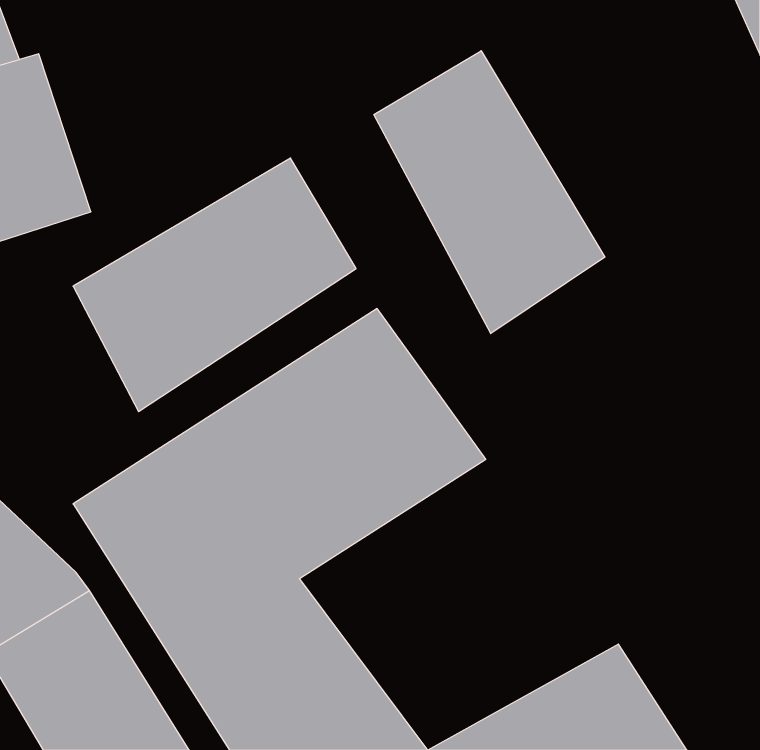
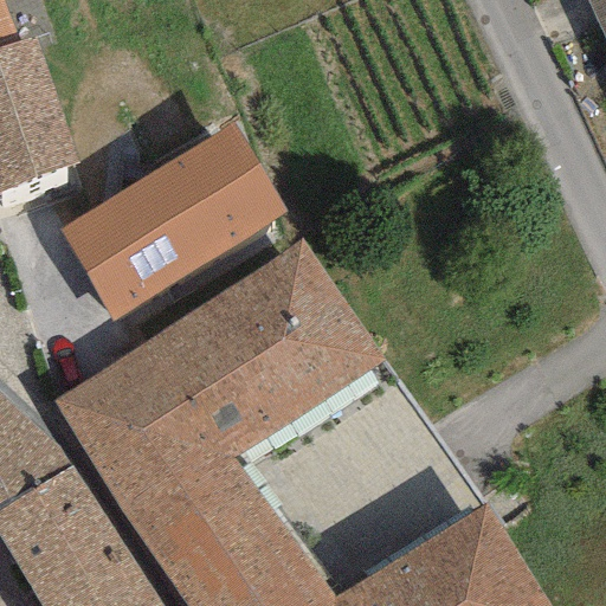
building: [374,51,605,334] -> none

